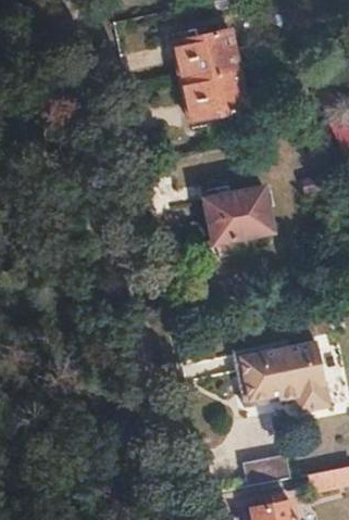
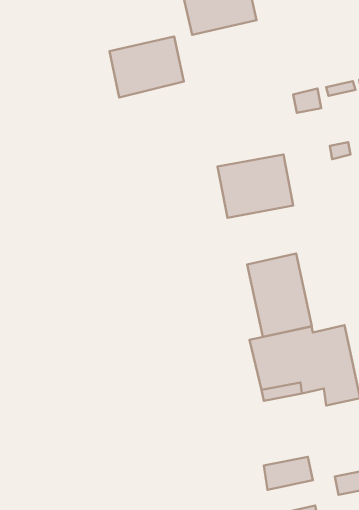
building: [182,68,248,123] -> [109,36,184,97]
building: none -> [247,254,312,337]

